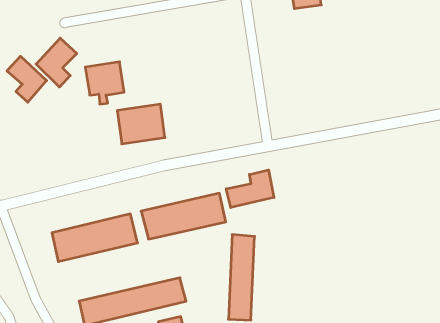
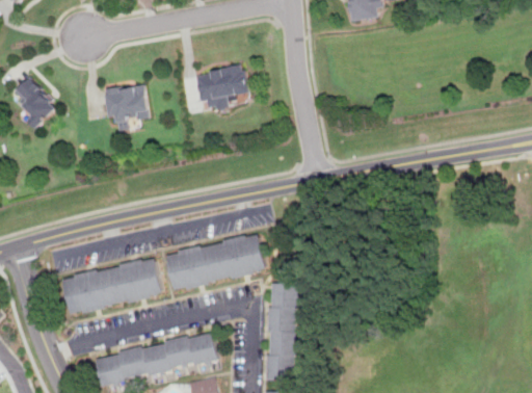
building: [36,38,77,87] -> none
building: [117,104,165,144] -> [193,64,248,110]
building: [226,170,274,208] -> none

